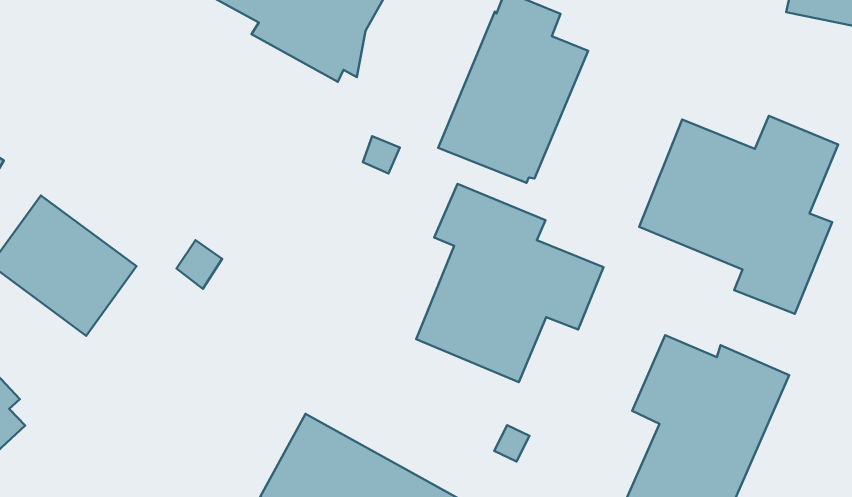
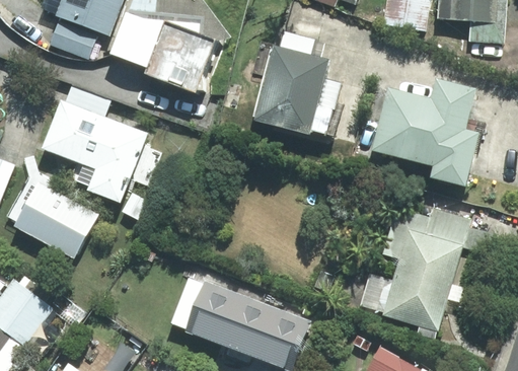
building: none -> [45,100,146,201]
building: [416,184,603,382] -> none

